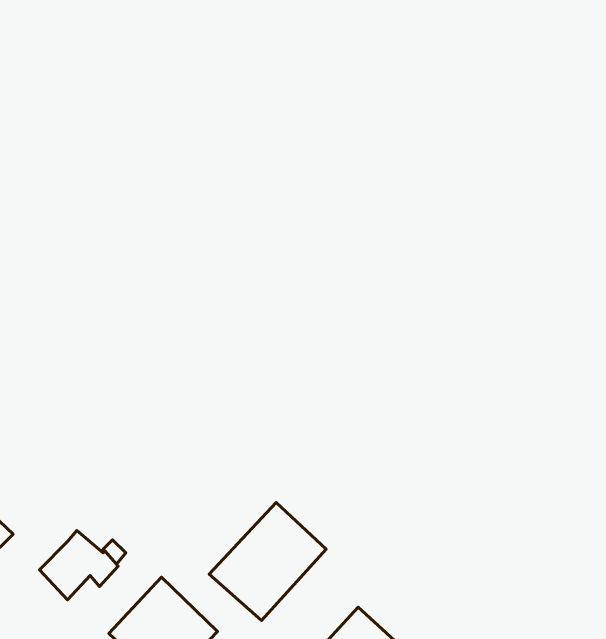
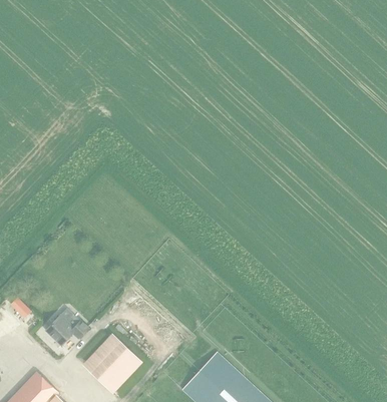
building: [209,503,326,620] -> none

